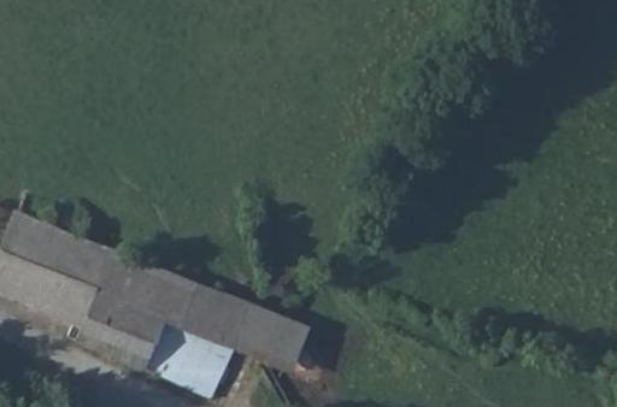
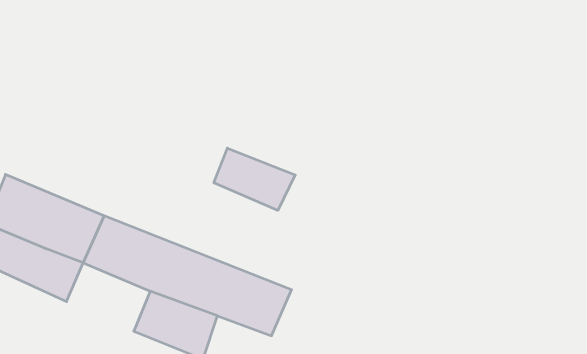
building: none -> [214,148,295,210]
building: [71,297,161,377] -> none

